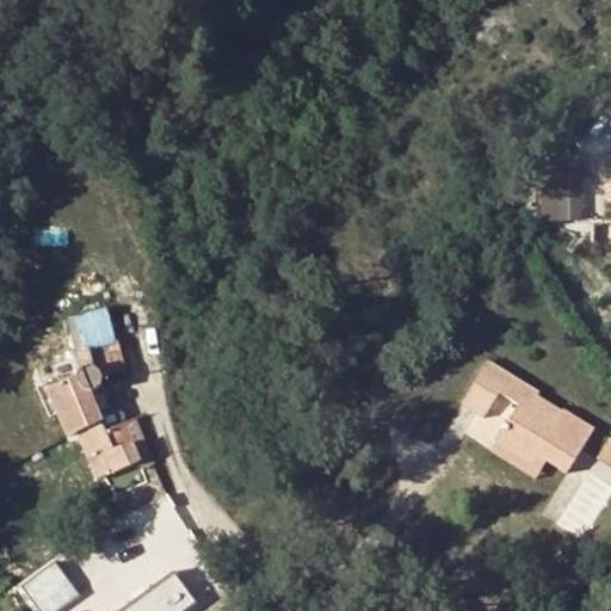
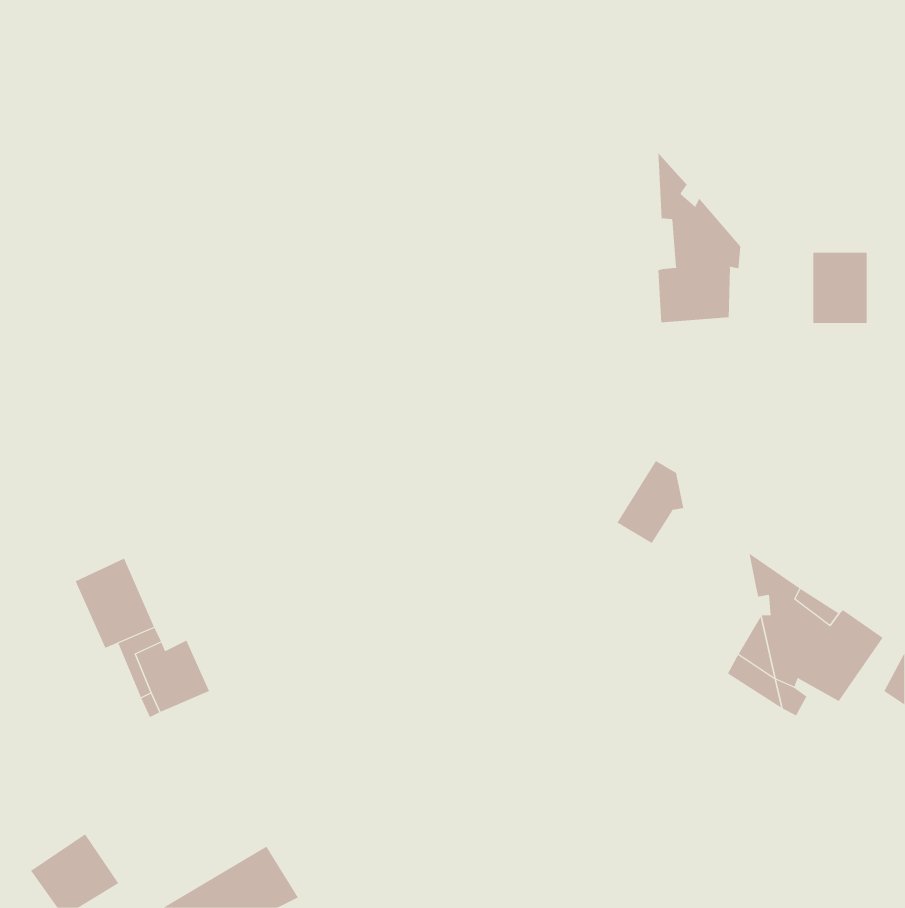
building: none -> [658,152,741,323]
building: [61,304,123,375] -> none
building: [462,363,507,419] -> [616,460,684,544]

